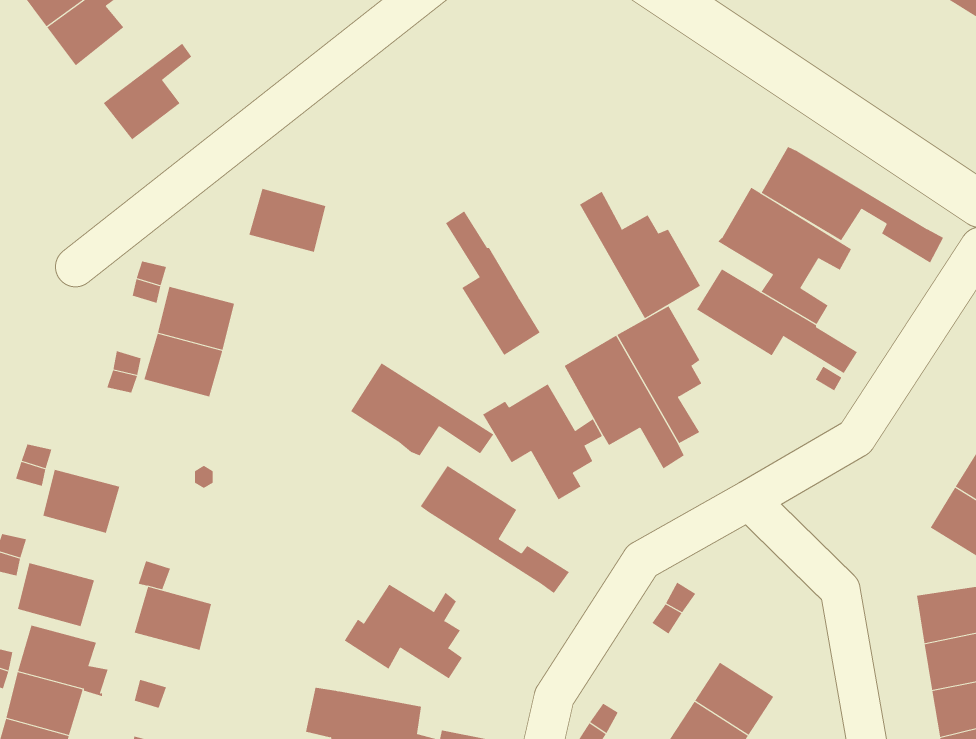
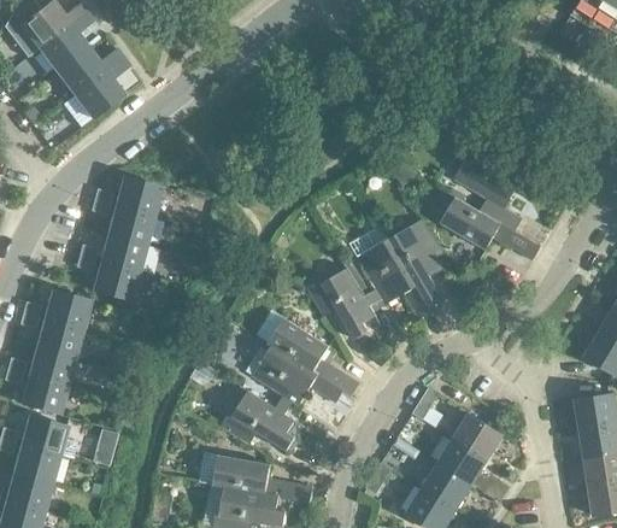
building: none -> [55,46,122,93]
building: [761,146,944,263] -> none
building: [248,188,326,252] -> [113,177,161,217]
building: [579,191,701,319] -> none
building: [445,210,540,356] -> none
building: [350,363,494,456] -> [254,346,343,404]
building: none -> [90,264,139,304]
building: none -> [42,291,90,330]
building: [134,586,212,650] -> [27,348,75,388]
building: none -> [454,413,505,460]

